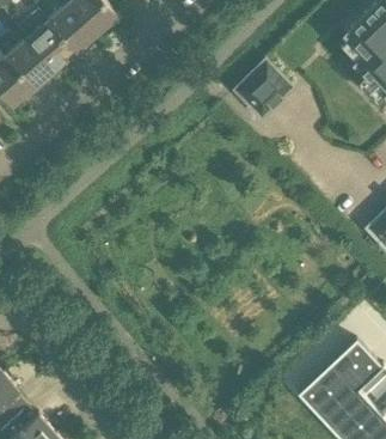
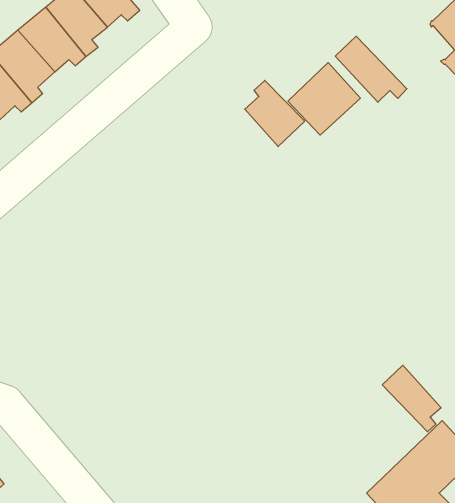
building: none -> [335,36,407,102]
building: none -> [245,80,305,147]
building: none -> [382,365,441,432]

